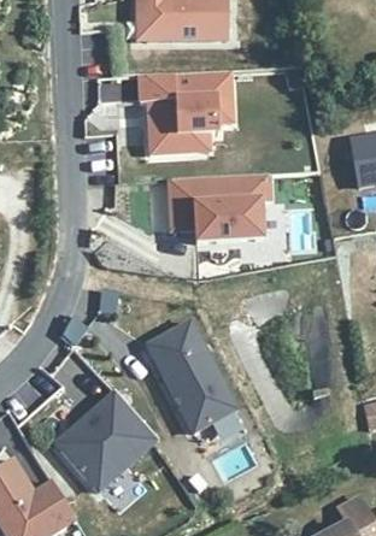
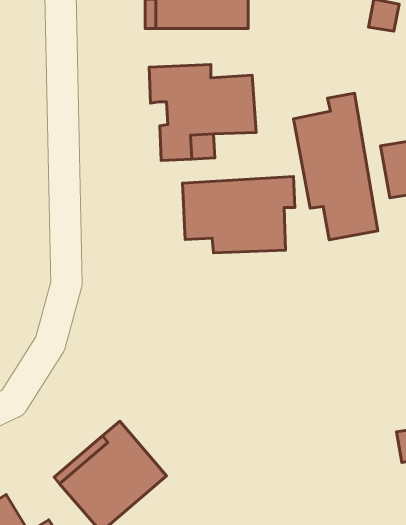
building: none -> [293,93,378,240]
building: [147,320,236,431] -> none

